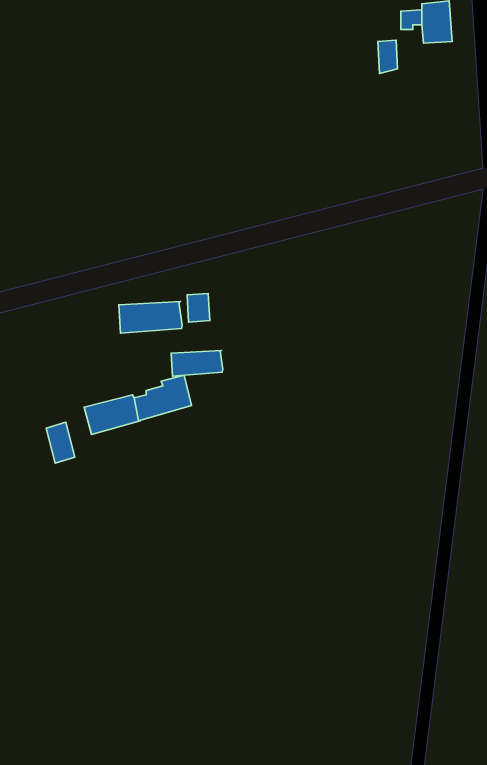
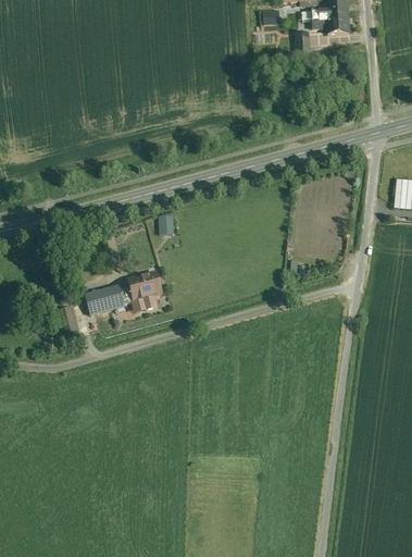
building: [119,302,182,333] -> none
building: [171,350,223,376] -> none

